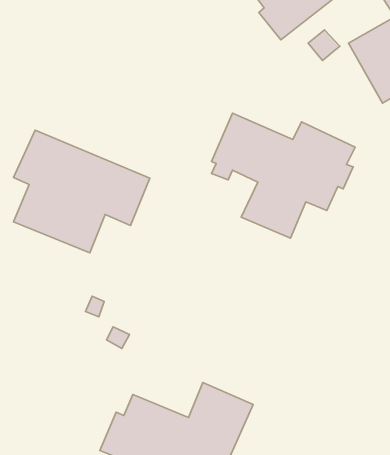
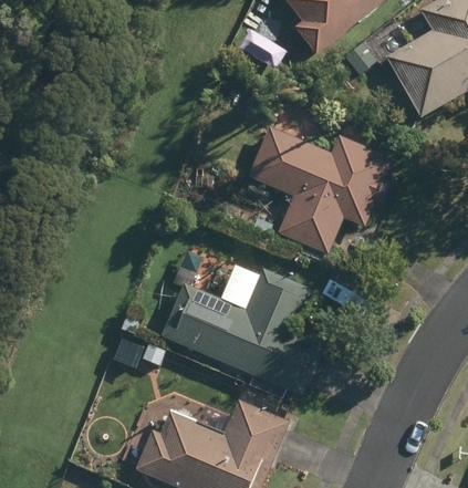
building: [13,130,150,253] -> none
building: none -> [160,269,323,394]

